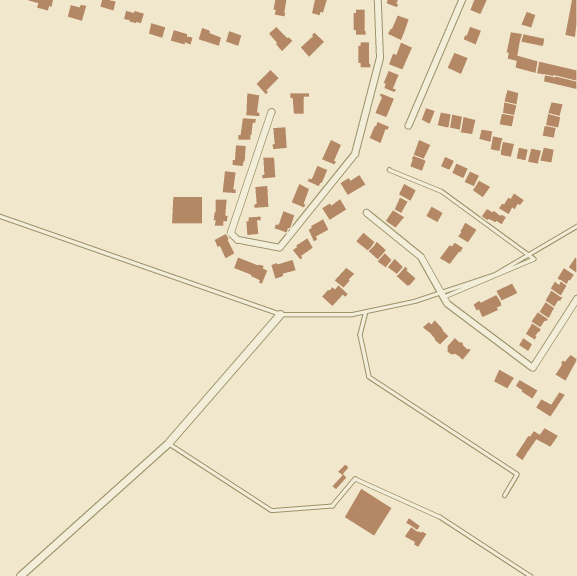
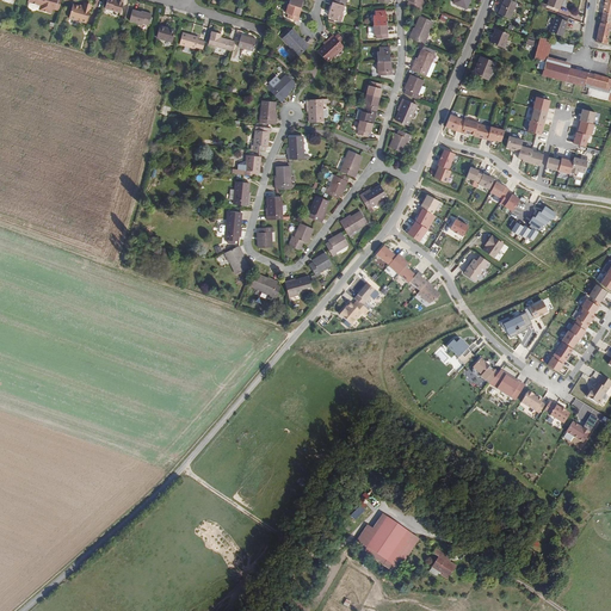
building: none -> [356,79,381,135]
building: [172,196,203,224] -> none
building: none -> [488,368,523,399]
building: [515,427,559,461] -> none

